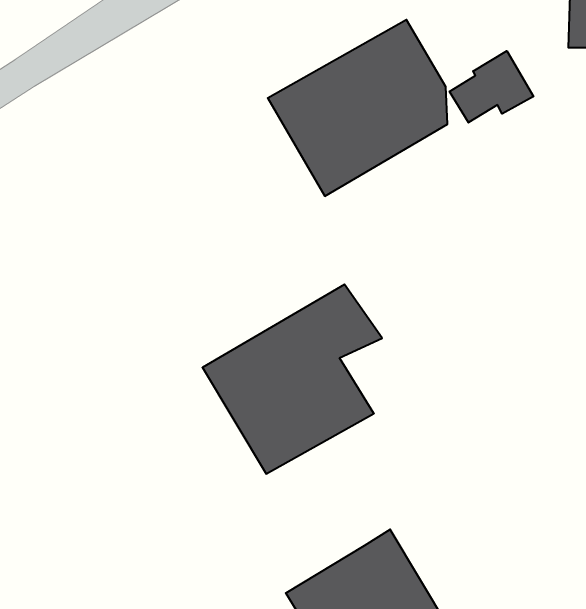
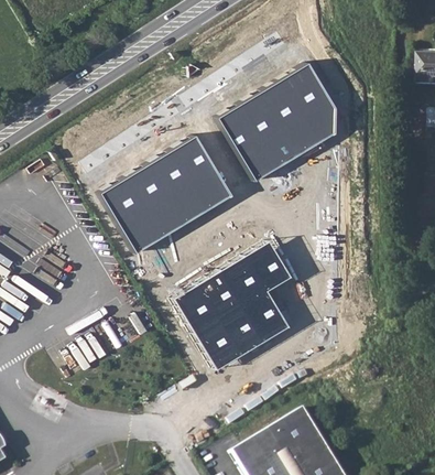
building: [450,51,533,123] -> none
building: none -> [101,134,235,252]

